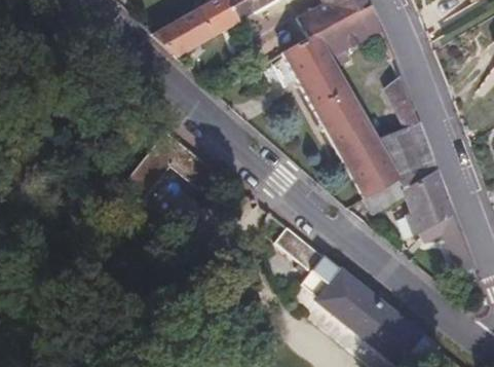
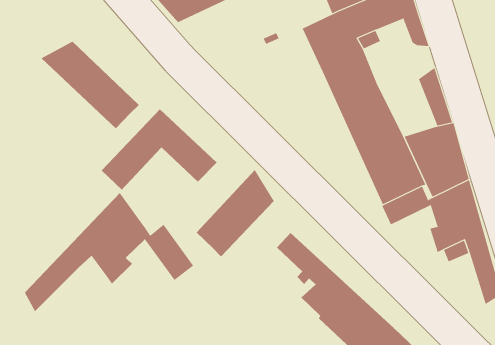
building: none -> [40,41,139,129]
building: none -> [196,169,275,257]
building: none -> [24,192,194,312]

